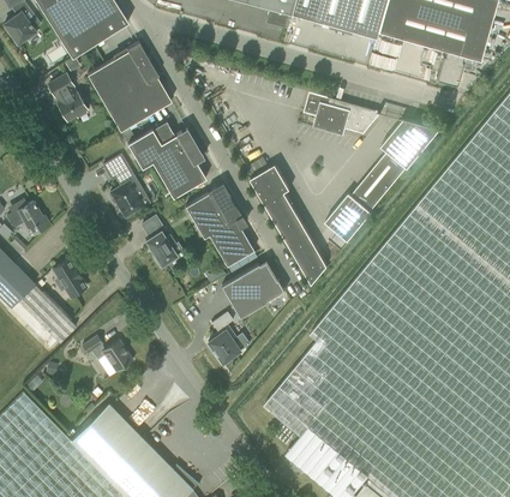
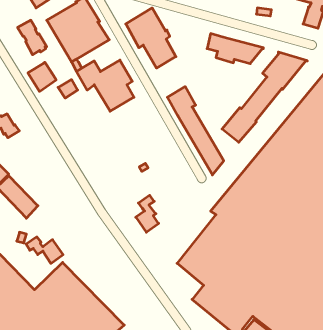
building: [109,178,148,217] -> [28,62,56,91]
building: [185,185,253,267] -> [126,8,176,68]
building: [142,216,176,269] -> none
building: [52,259,86,298] -> none
building: [221,262,286,318] -> none
building: [82,336,132,372] -> [26,237,63,263]

